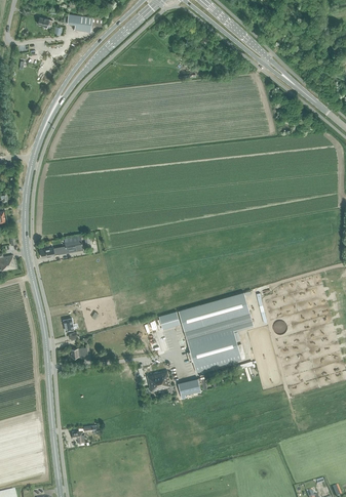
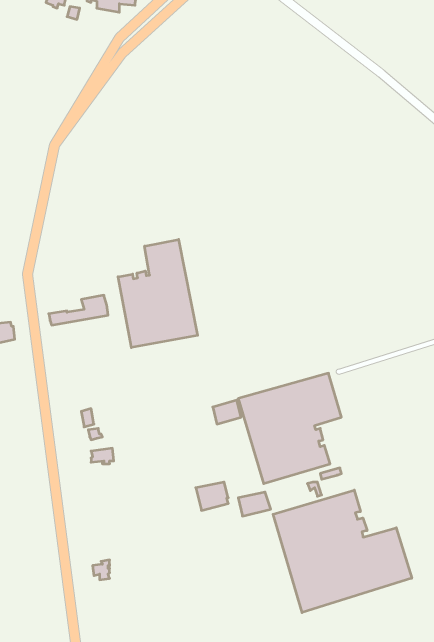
building: none -> [118,239,198,348]
building: none -> [273,490,412,613]

